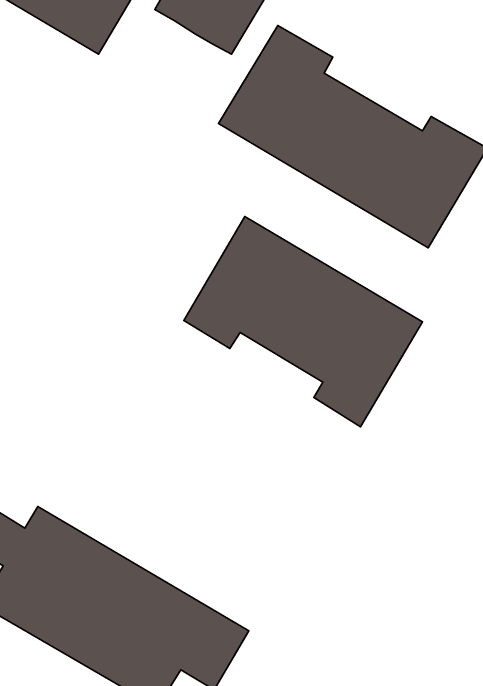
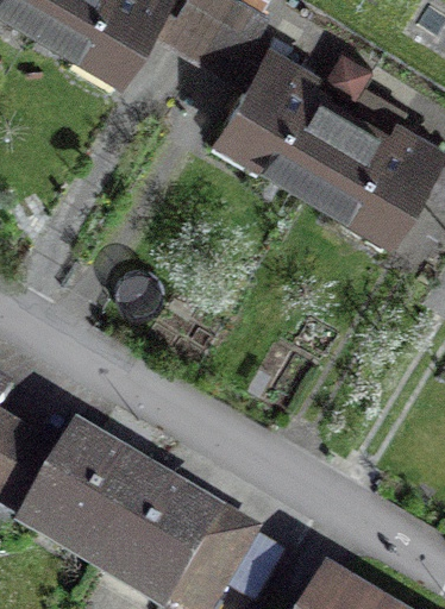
building: [184,216,423,427] -> none

